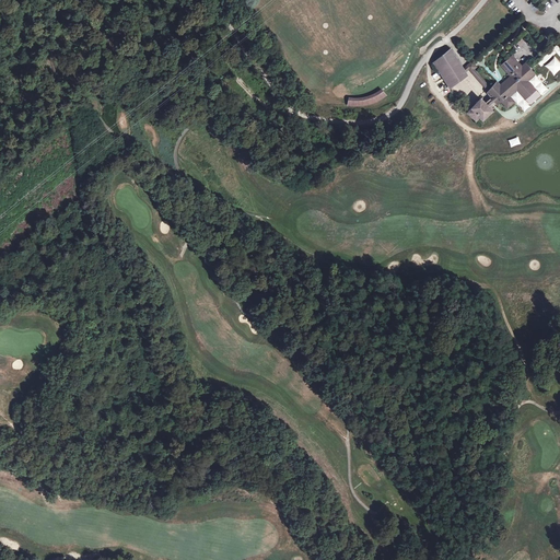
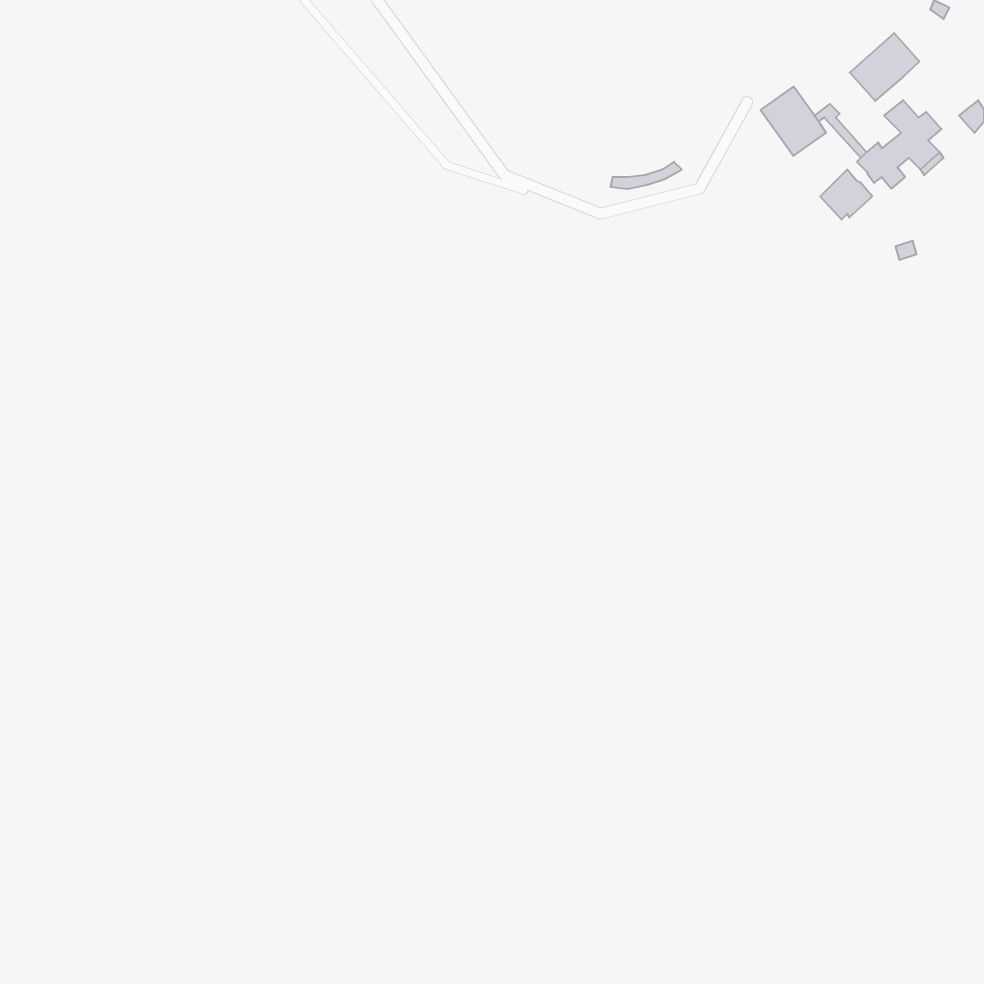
building: none -> [850,33,919,101]

